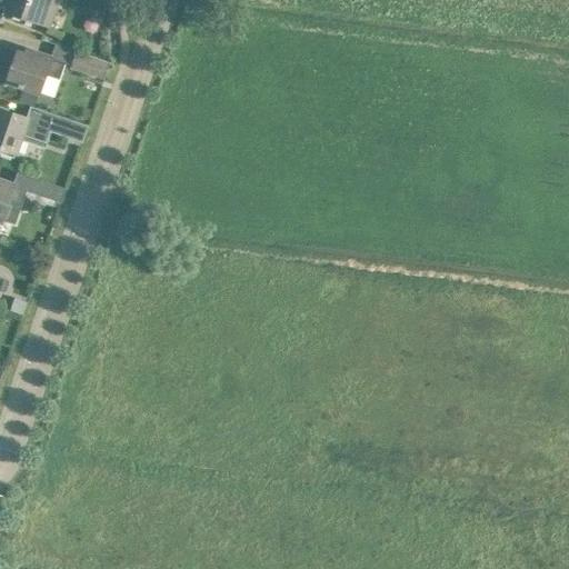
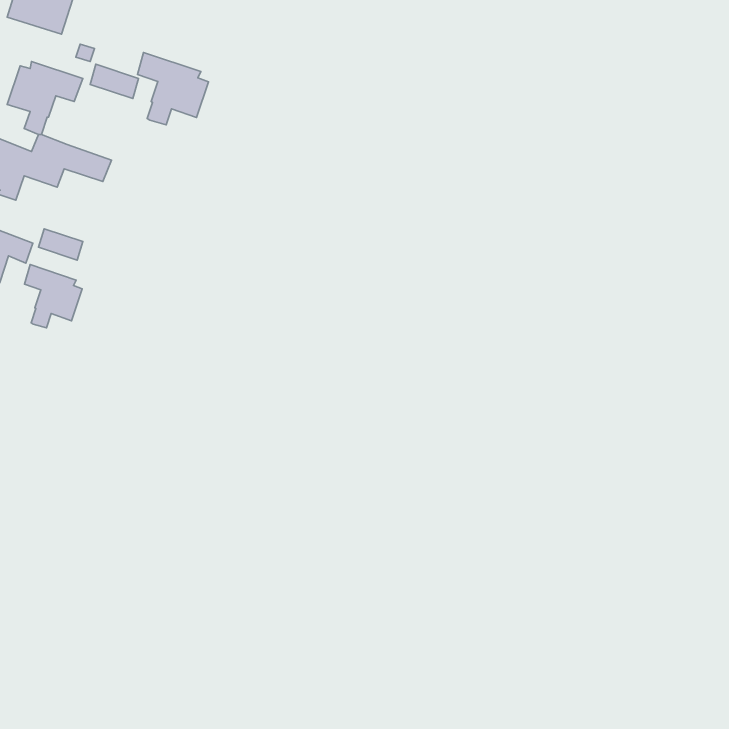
building: none -> [137,53,209,125]
building: none -> [24,265,82,328]

